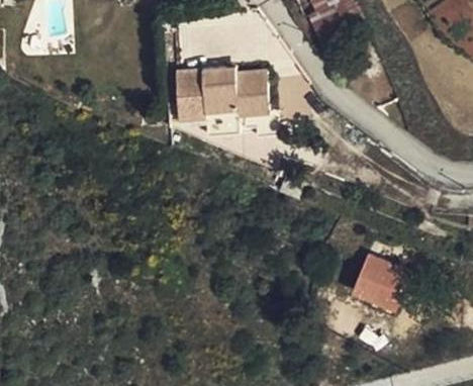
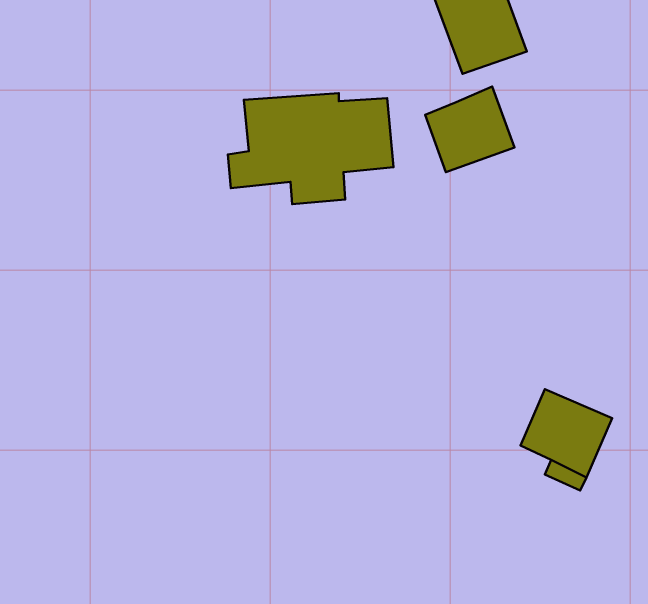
building: none -> [425,87,514,172]

